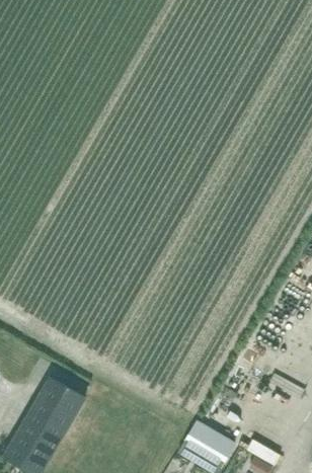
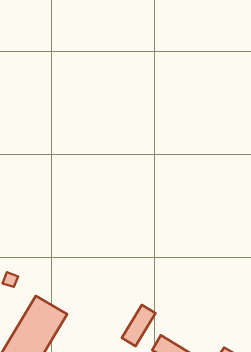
building: none -> [122,305,155,346]

